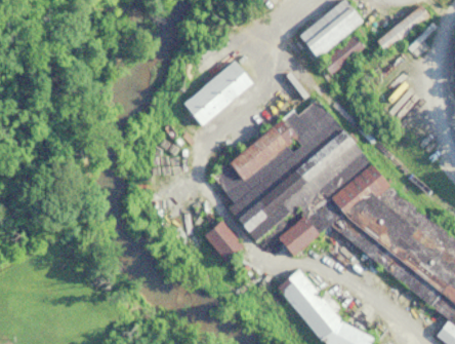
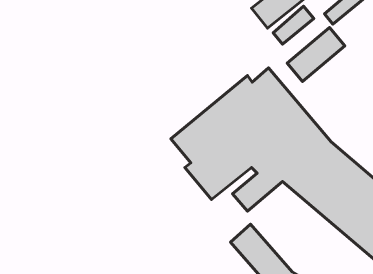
building: none -> [287,27,345,81]
building: [183,63,252,125] -> none
building: [203,221,243,262] -> none

